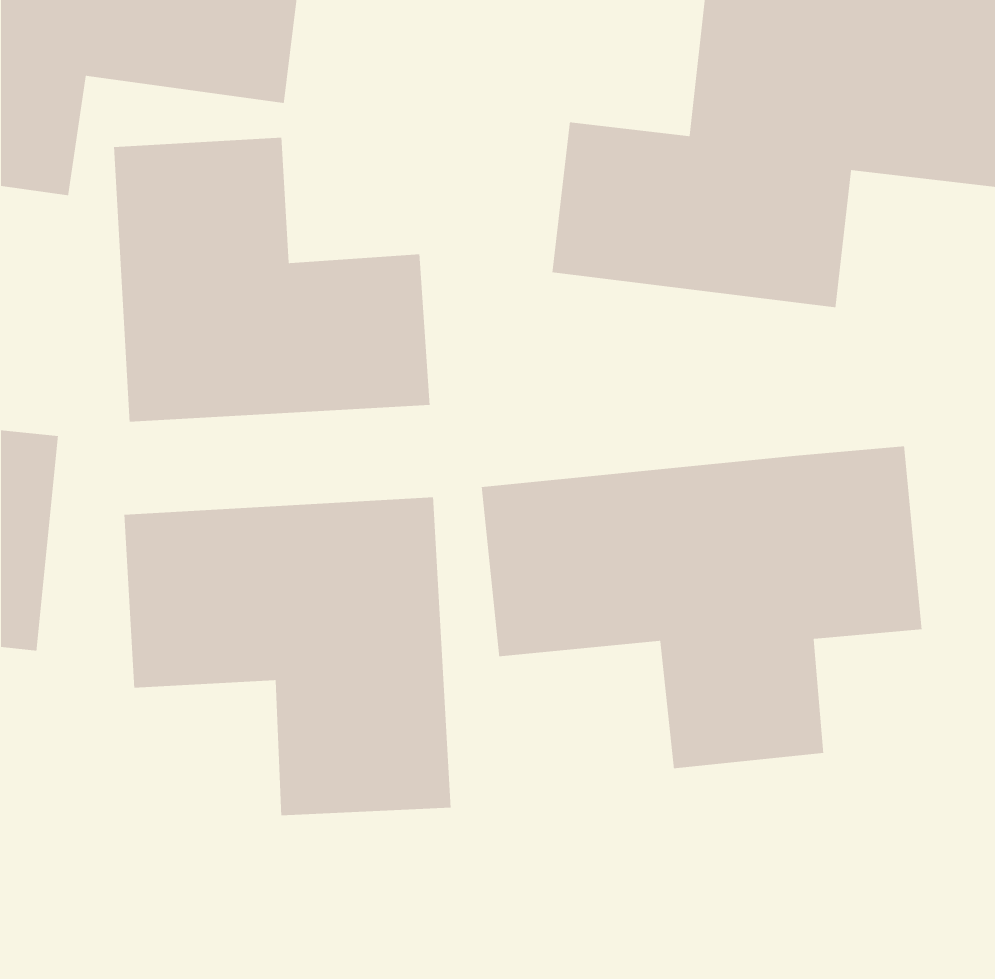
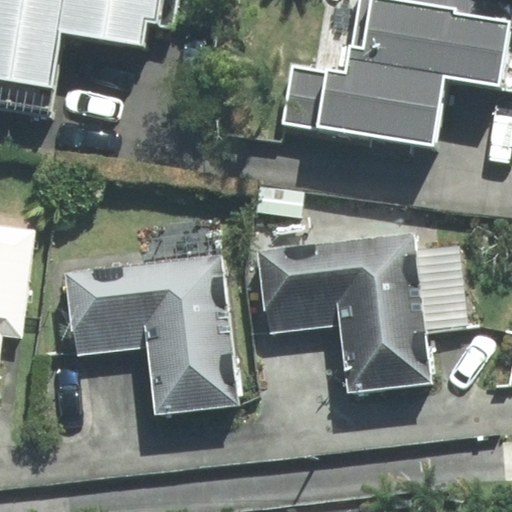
building: [113,137,431,423] -> none

